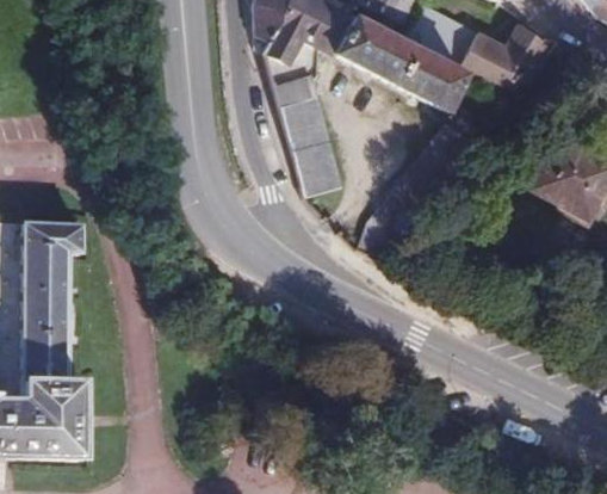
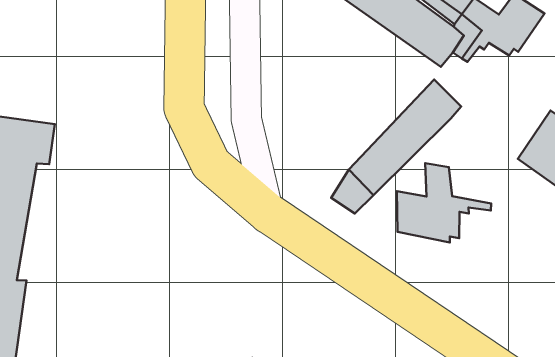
building: [274,73,345,197] -> none
building: none -> [397,163,491,242]

